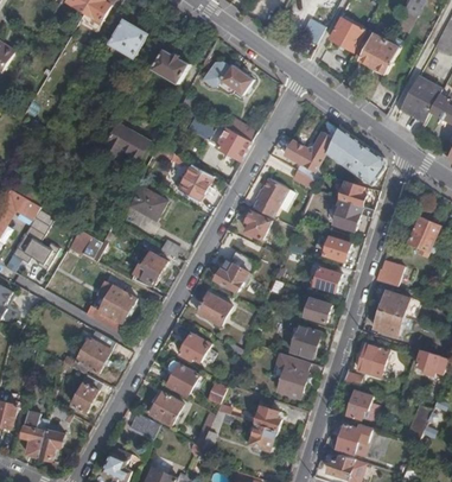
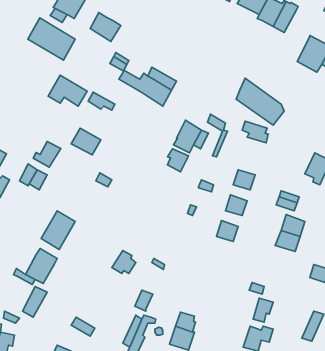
building: none -> [28,18,75,60]
building: [202,61,253,94] -> none
building: [284,133,332,172] -> none
building: [177,163,212,201] -> none
building: [333,197,373,232] -> none
building: [134,252,167,283] -> [33,141,61,167]
building: [216,252,256,291] -> none
building: [197,292,230,324] -> none
building: [291,325,320,357] -> none
building: [357,343,387,376] -> none
building: [276,353,308,397] -> none
building: [167,360,198,394] -> none
building: [149,392,182,424] -> none

